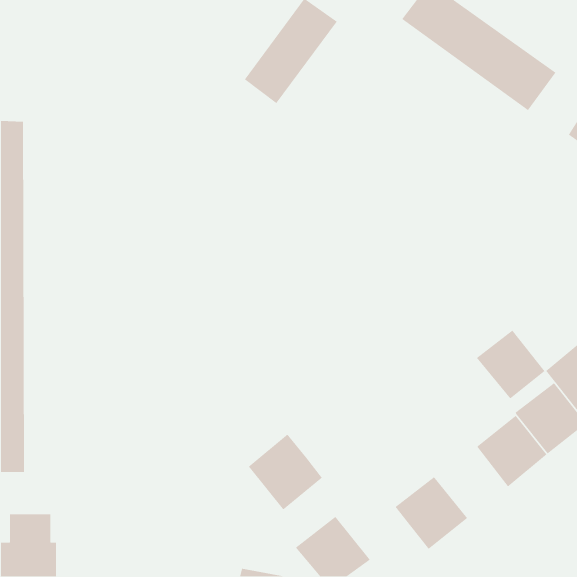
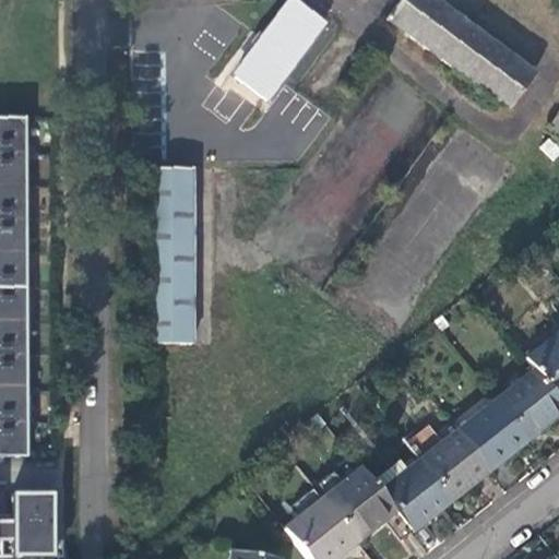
building: none -> [151,166,192,341]
building: [476,330,546,400] -> none
building: [248,434,323,511] -> [325,465,397,539]
building: none -> [420,428,491,499]

